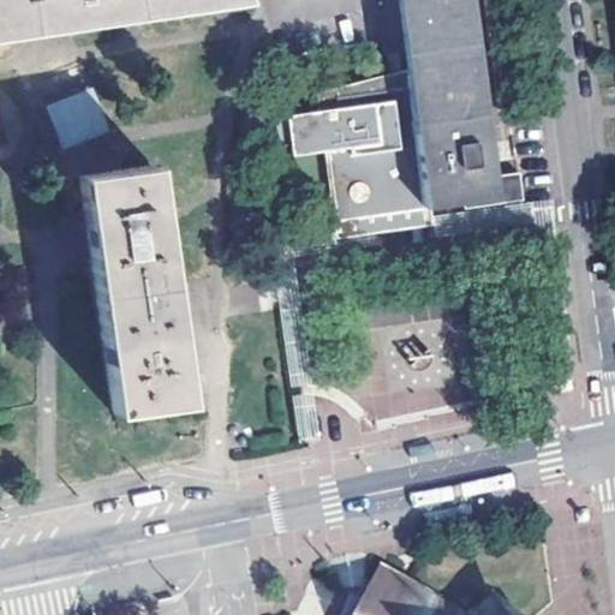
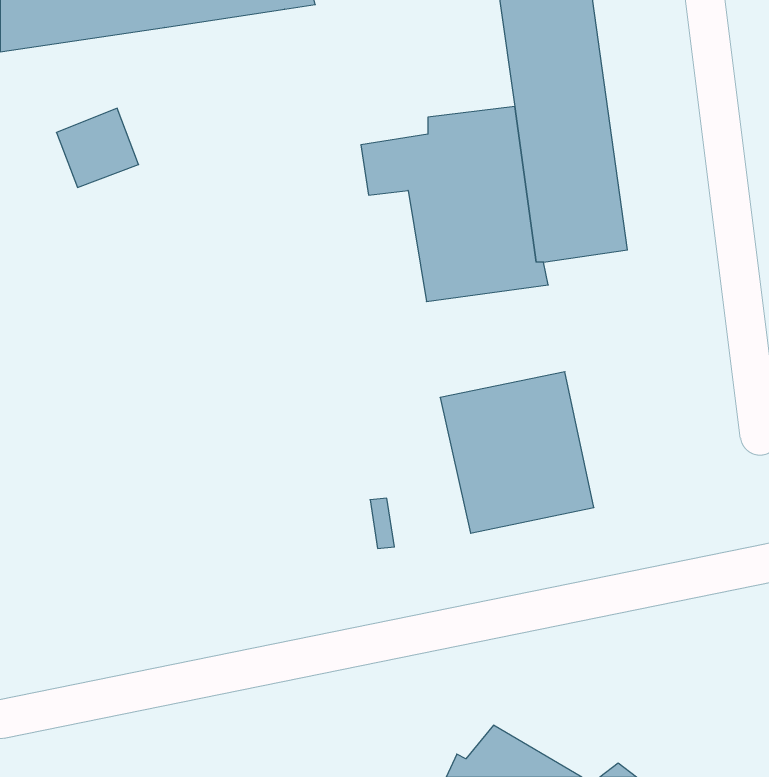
building: [85,168,192,413] -> none

